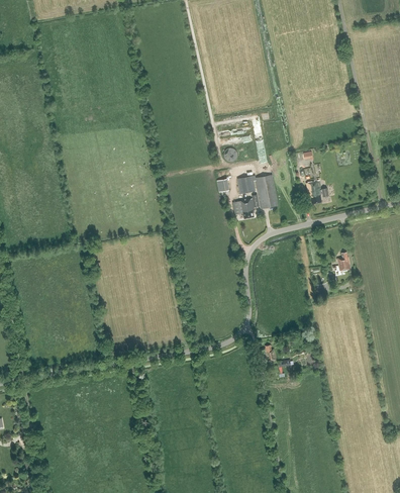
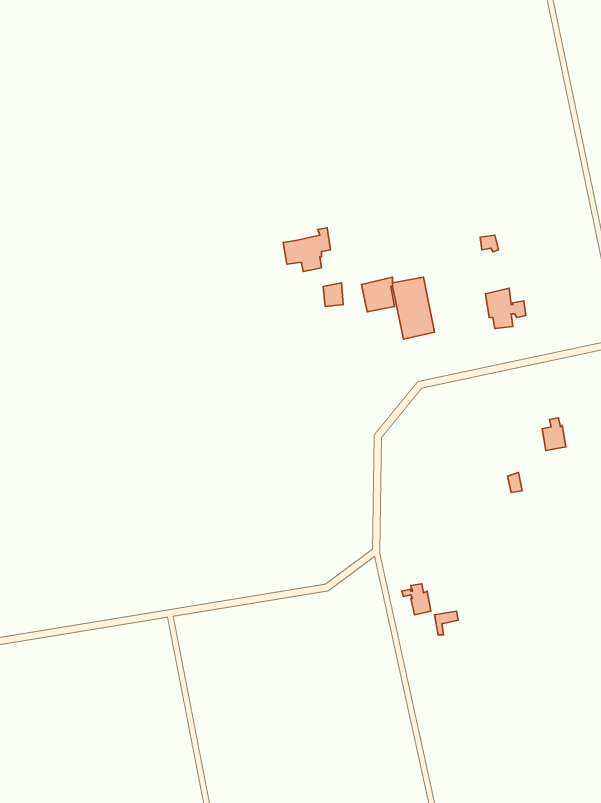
building: [232,194,259,218] -> [283,228,331,272]

